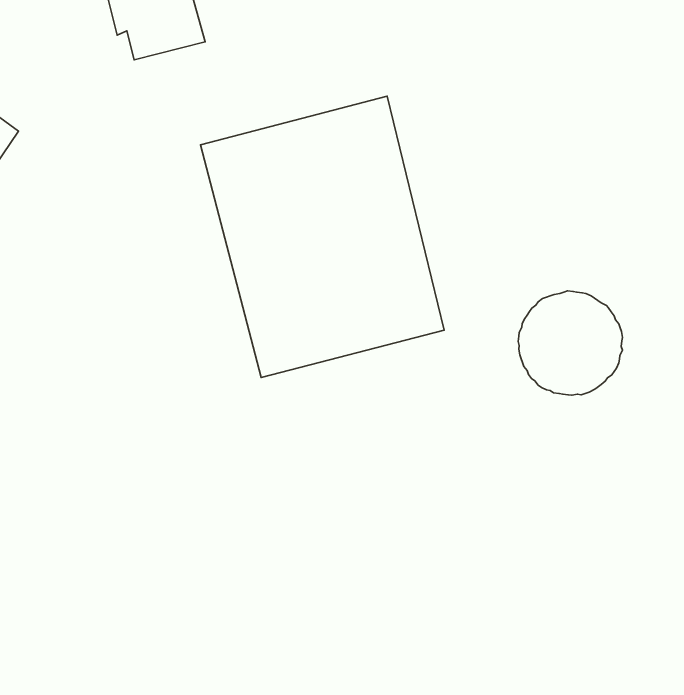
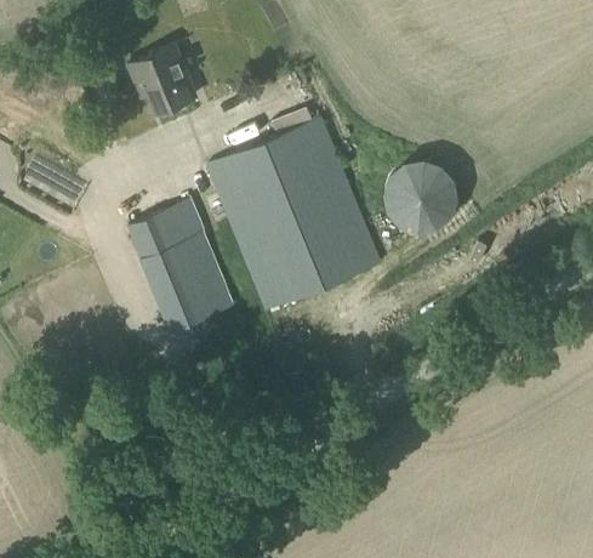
building: none -> [127,199,236,336]
building: [518,291,623,395] -> [387,161,456,229]

